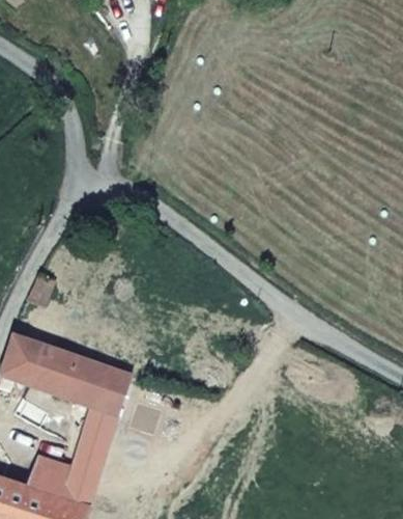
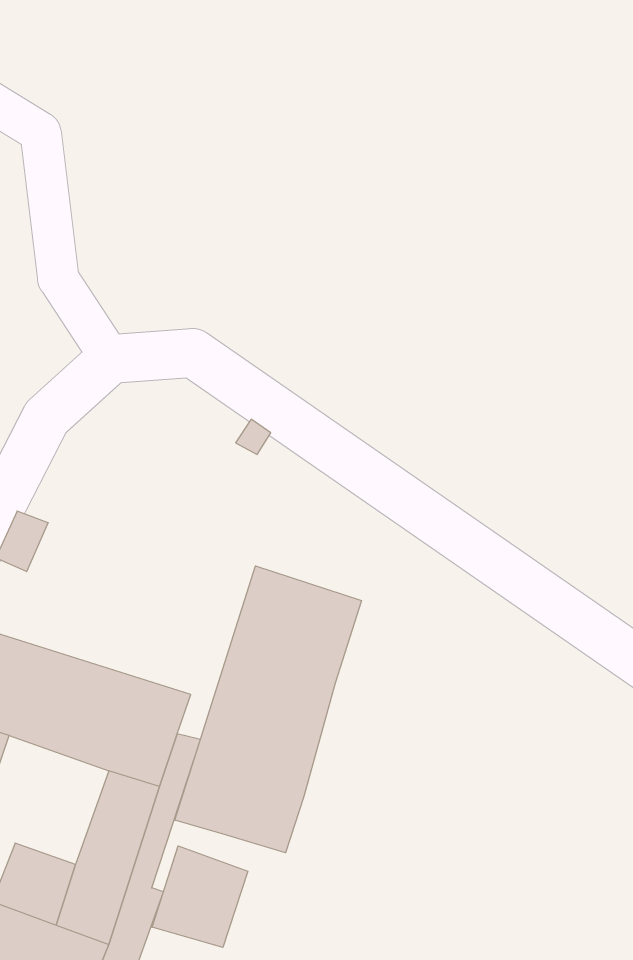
building: none -> [175,566,361,853]
building: none -> [152,846,248,947]

